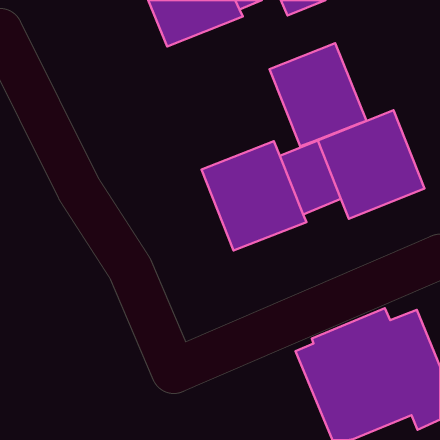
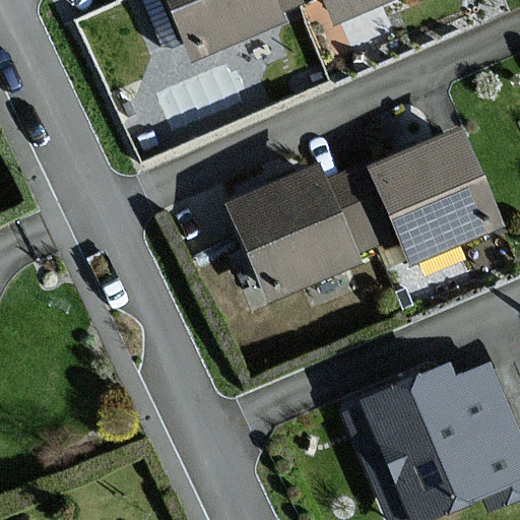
building: [270,43,366,146] -> none

